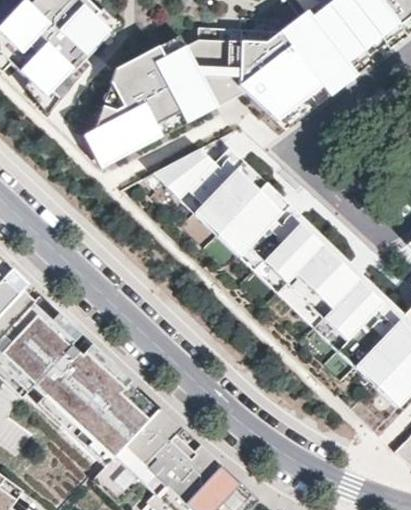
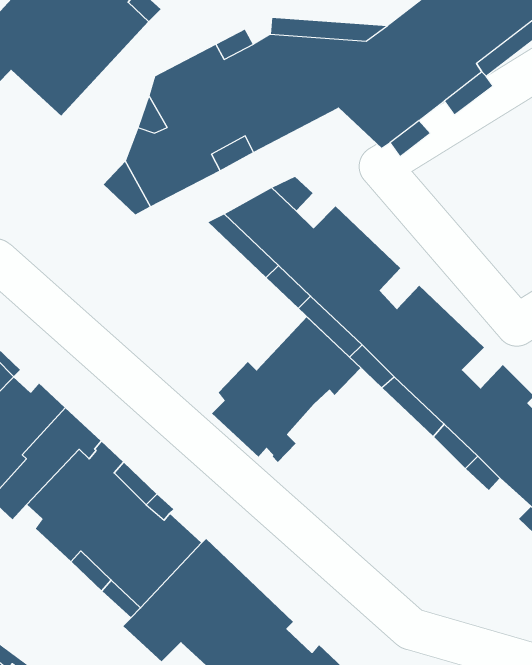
building: none -> [211,317,361,463]

